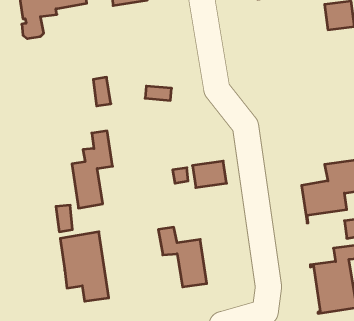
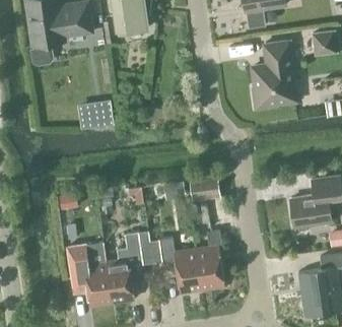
building: none -> [252,40,295,109]
building: [72,131,113,208] -> [106,232,143,303]
building: none -> [196,230,224,289]

